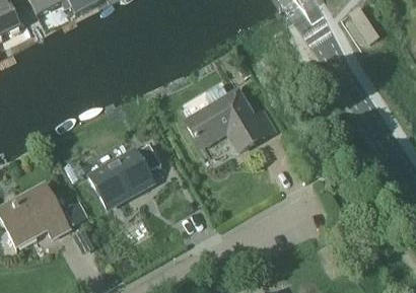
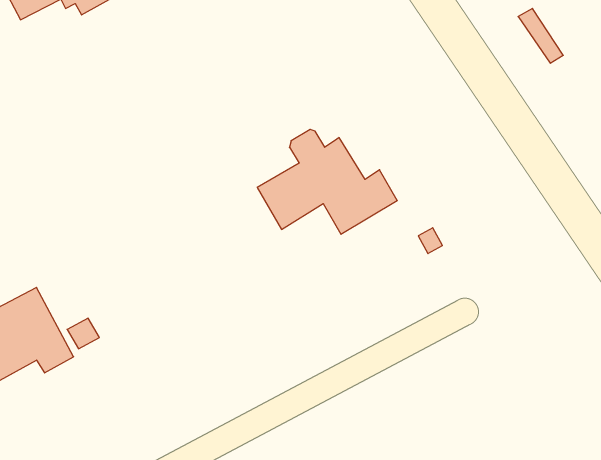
building: [89,144,162,208] -> none

